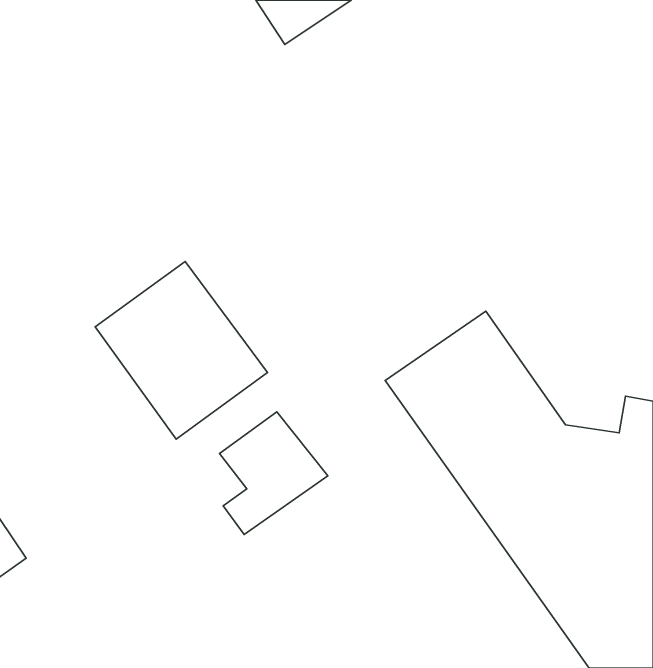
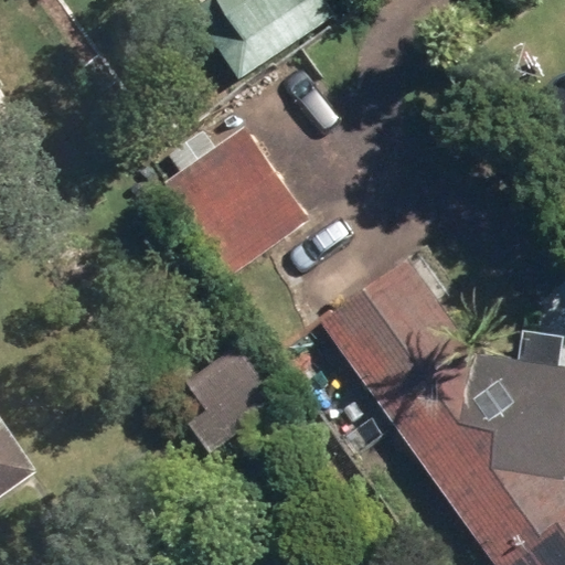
building: [95,262,268,439] -> [163,126,309,276]

